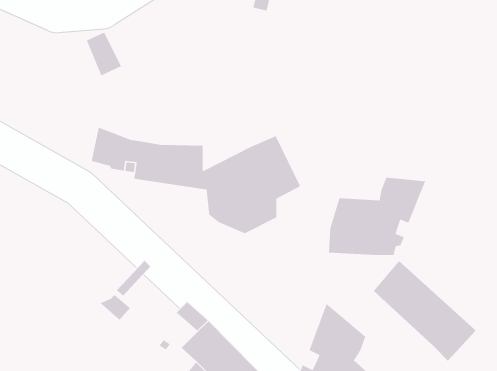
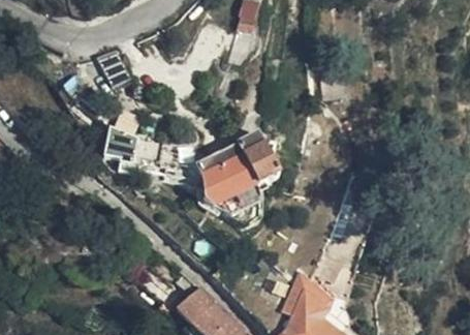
building: [328,177,426,256] -> none
building: [373,260,477,361] -> none

